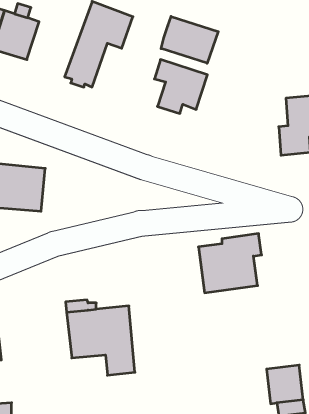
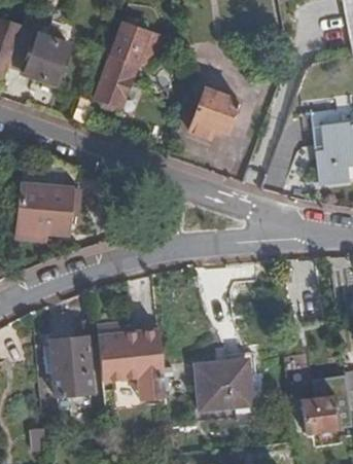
building: [161,16,218,63] -> none
building: [198,234,262,293] -> [195,349,258,408]
building: none -> [46,338,93,411]

